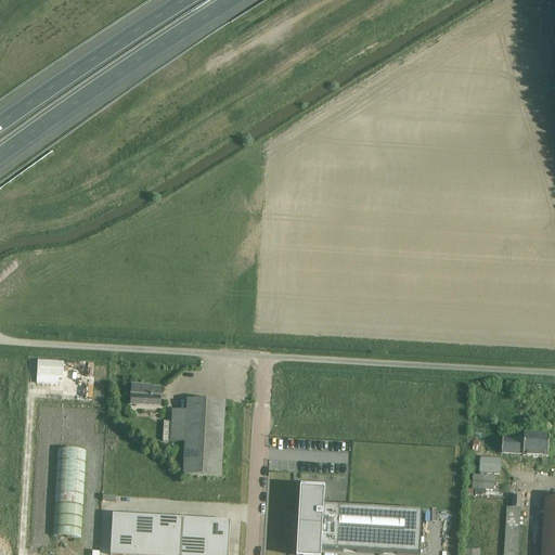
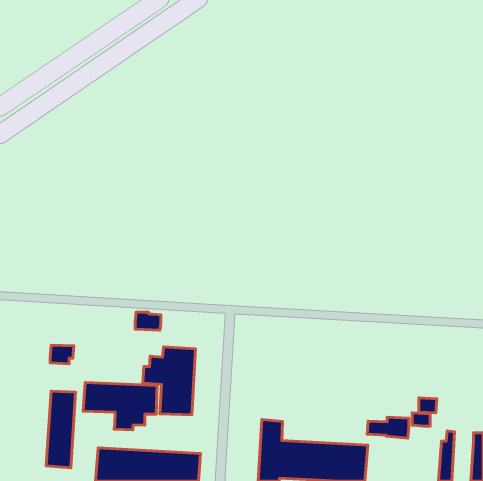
building: [37,361,64,383] -> [50,345,74,364]
building: [131,384,160,404] -> [135,312,161,330]
building: [501,433,548,456] -> [367,417,409,438]
building: none -> [83,383,157,430]

